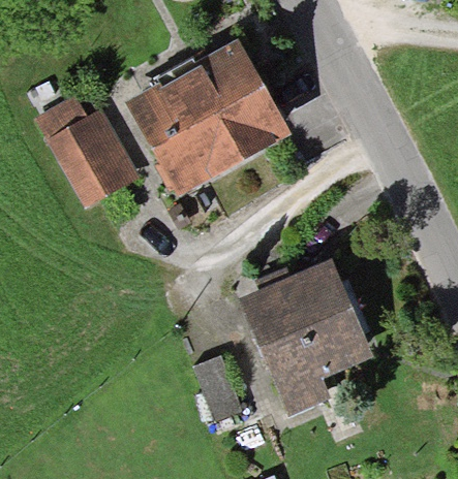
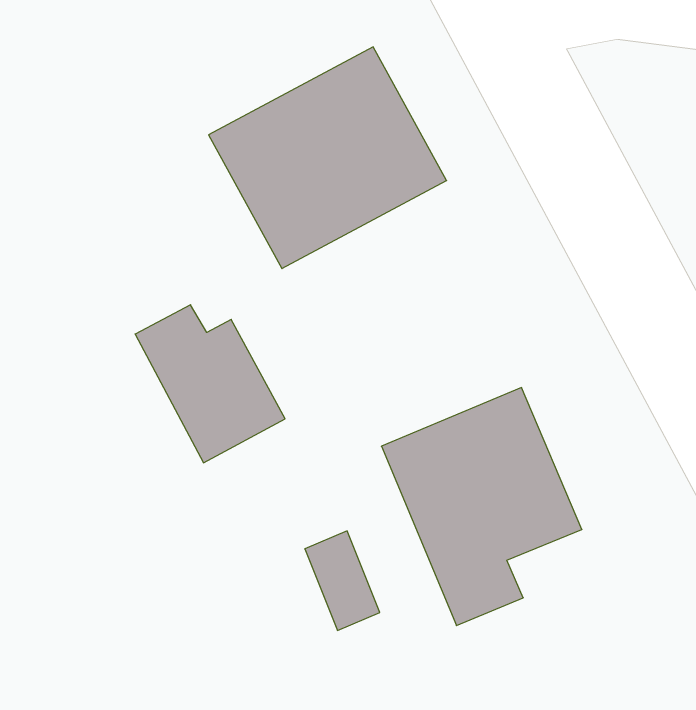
building: [36,100,131,200] -> [135,305,285,463]

